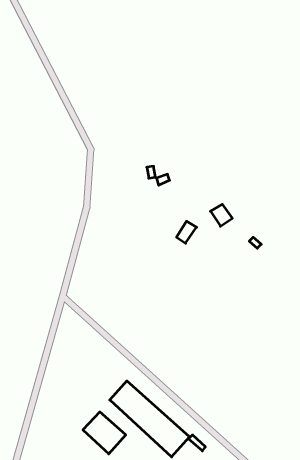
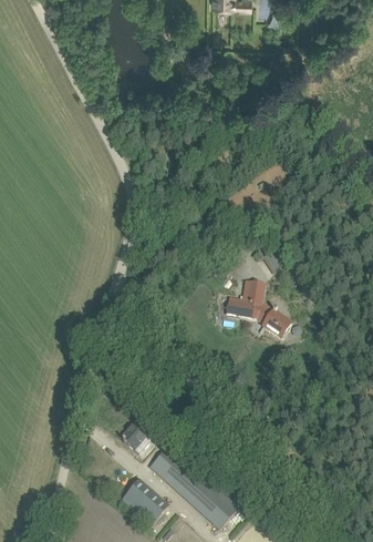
building: none -> [226,280,293,339]
building: none -> [122,419,152,449]

